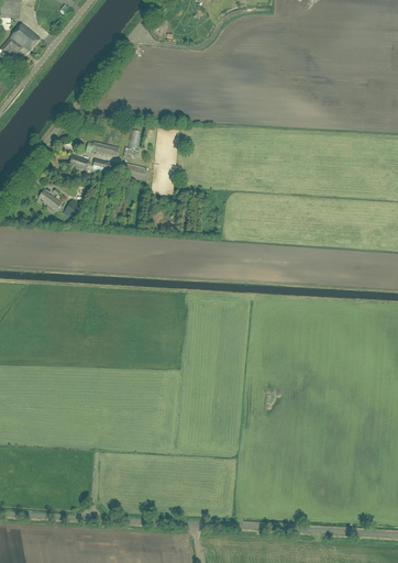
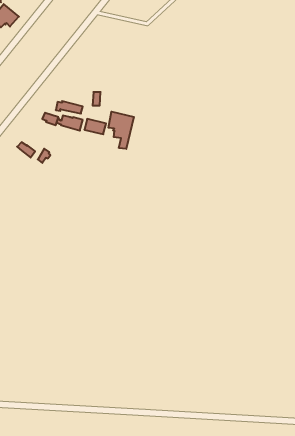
building: none -> [108,112,134,149]

